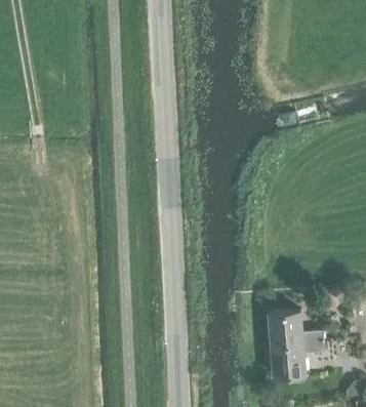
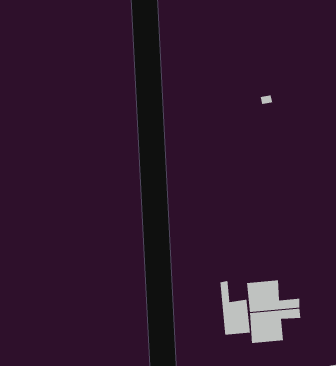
building: none -> [220,280,250,336]

